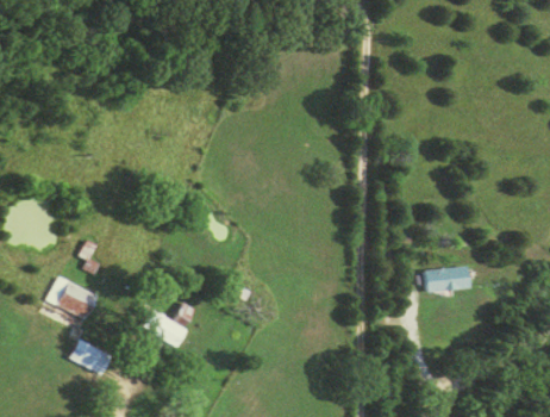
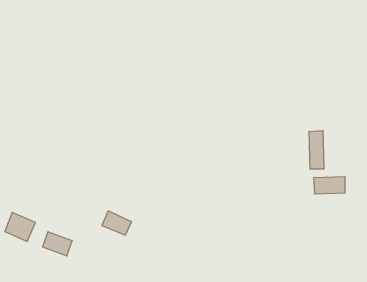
building: none -> [309,130,324,169]
building: [55,280,95,318] -> [5,213,35,241]

